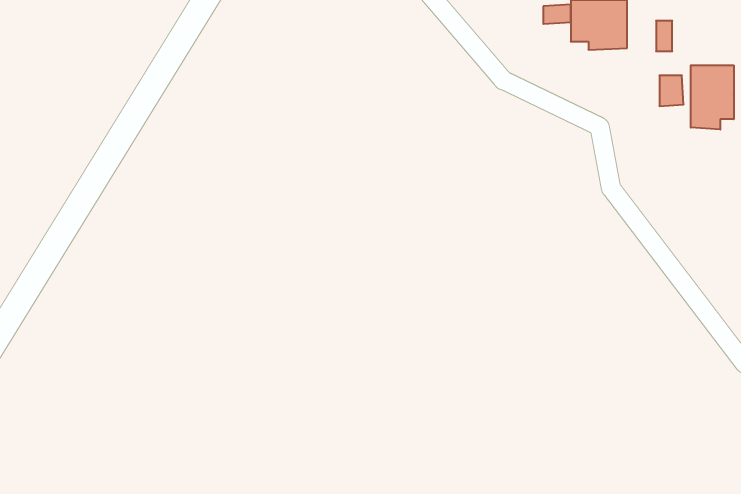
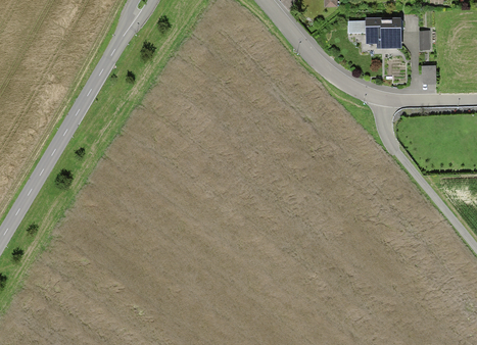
building: [691,65,734,130] -> none

